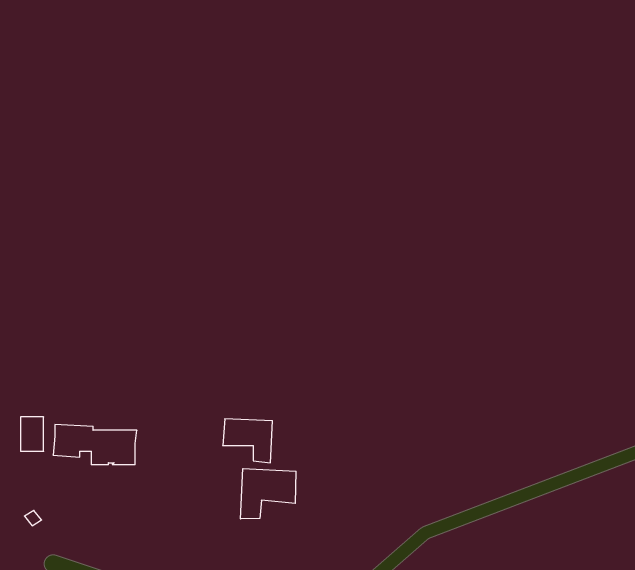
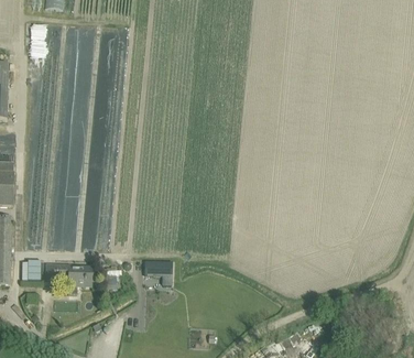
building: [241,469,296,519] -> none

